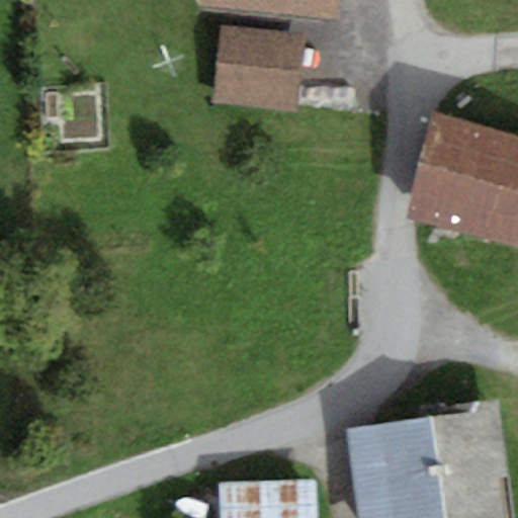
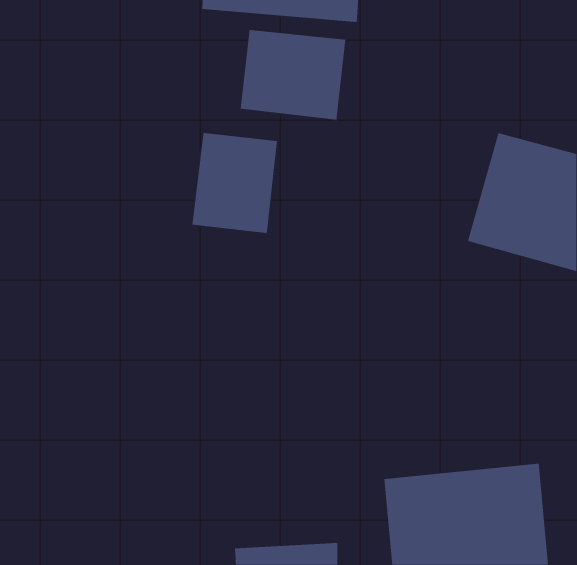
building: none -> [192,132,277,234]

